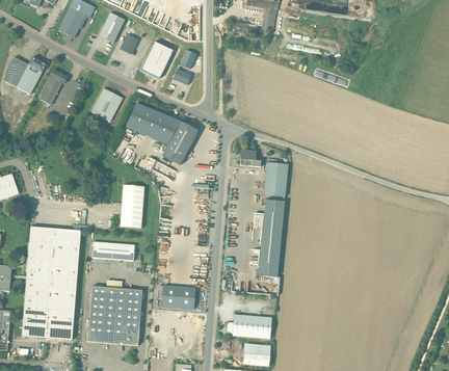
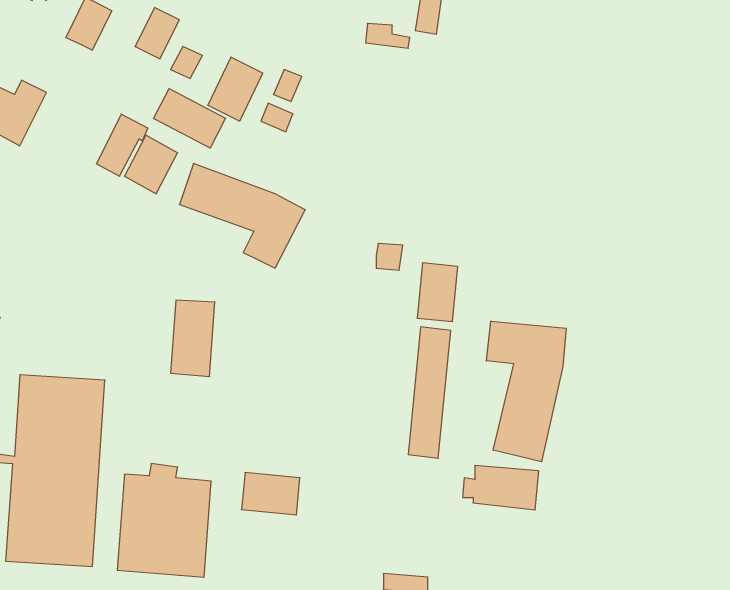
building: none -> [154,89,226,148]
building: [38,69,69,105] -> [96,114,148,176]
building: none -> [486,321,566,462]
building: [91,241,134,261] -> none
building: [228,314,272,340] -> [463,465,539,510]

